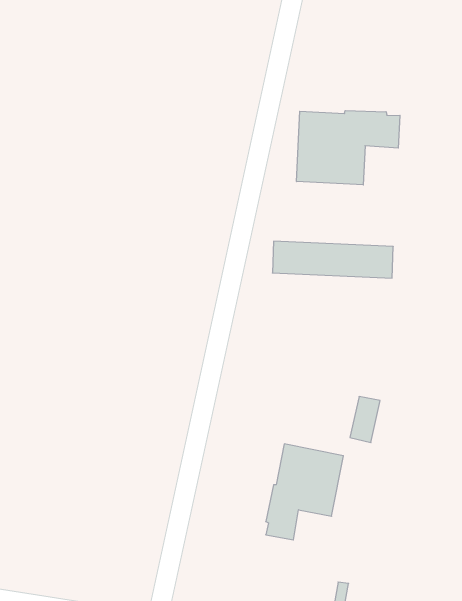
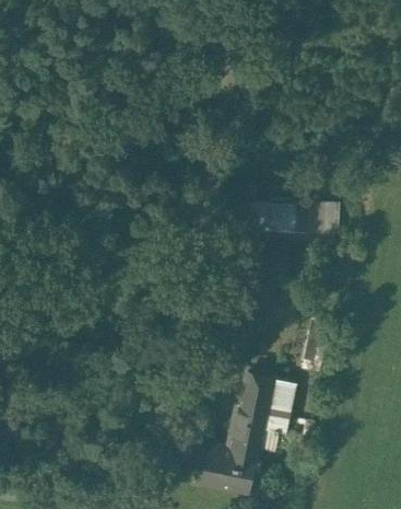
building: [297,111,400,185] -> none
building: none -> [198,444,255,491]

